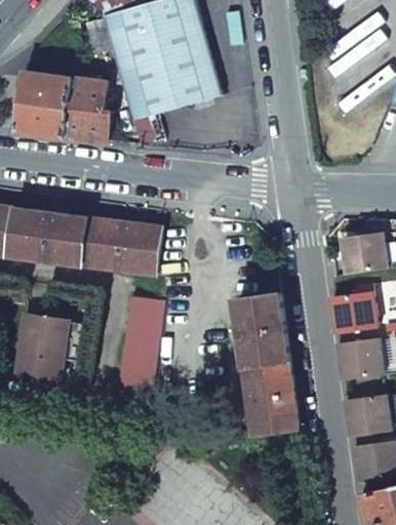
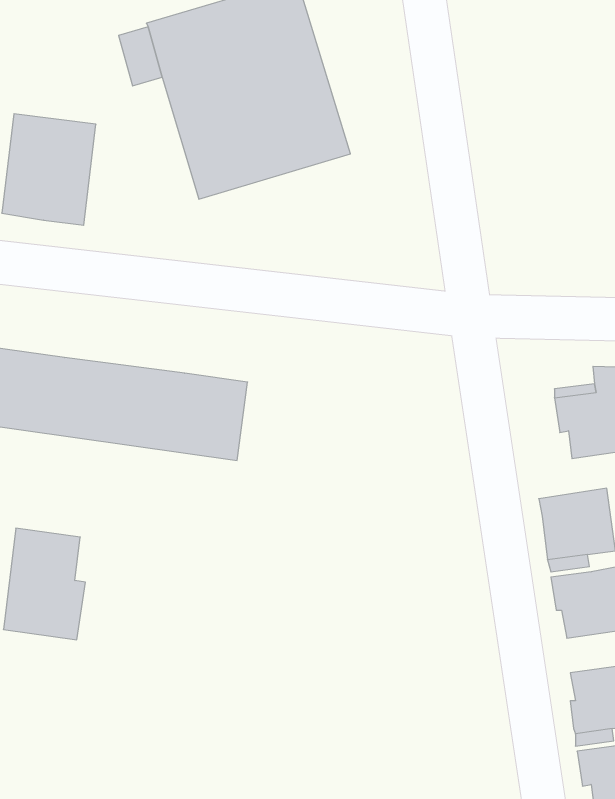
building: [64,77,110,142] -> none
building: [236,294,296,436] -> none
building: [117,297,162,394] -> none

